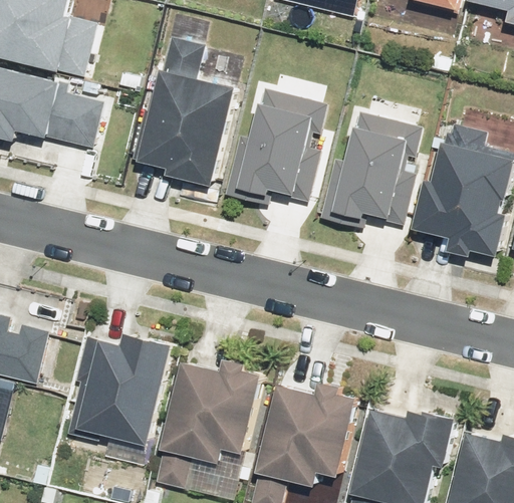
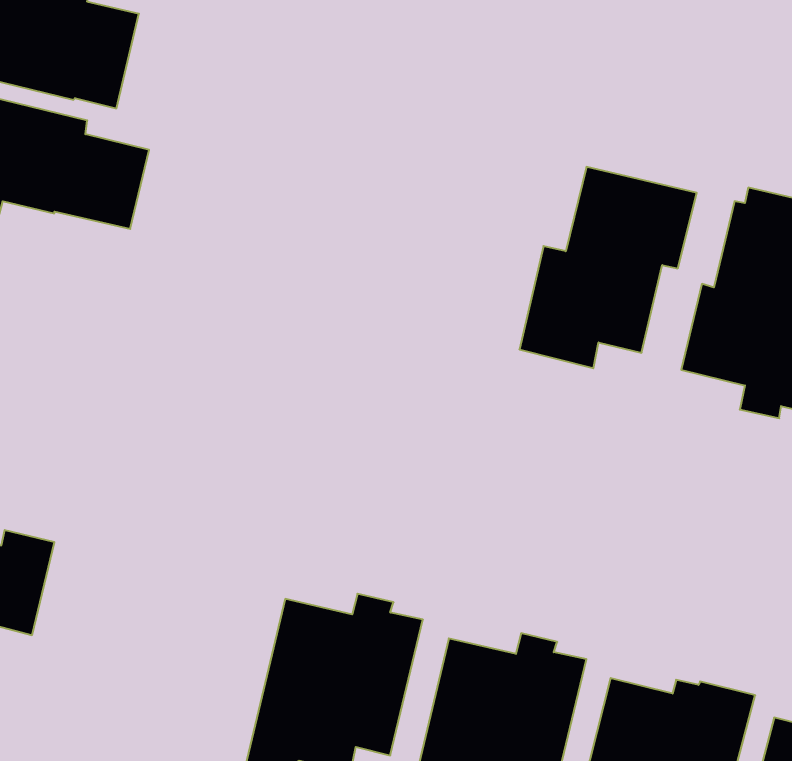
building: [131,36,236,187] -> none
building: [226,88,326,205] -> none
building: [65,334,173,447] -> none

